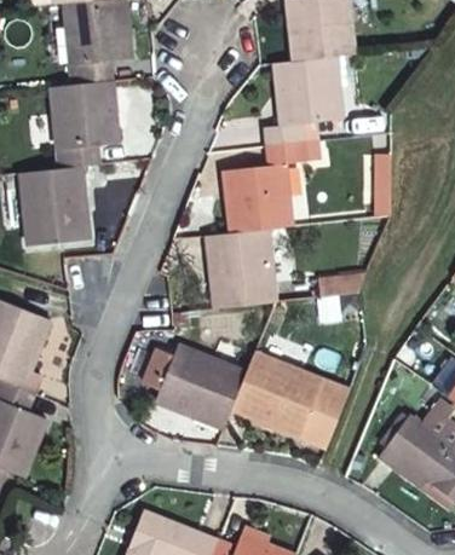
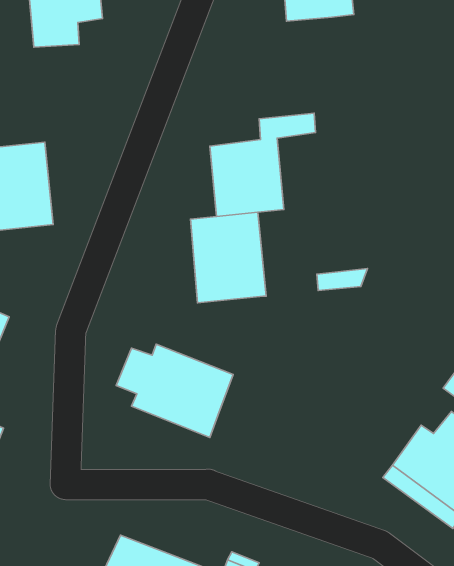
building: [266,57,339,146] -> none
building: [50,81,116,169] -> none
building: [232,353,347,446] -> none

